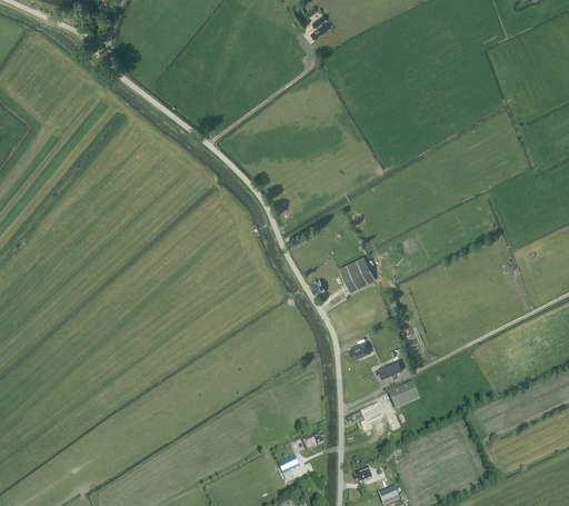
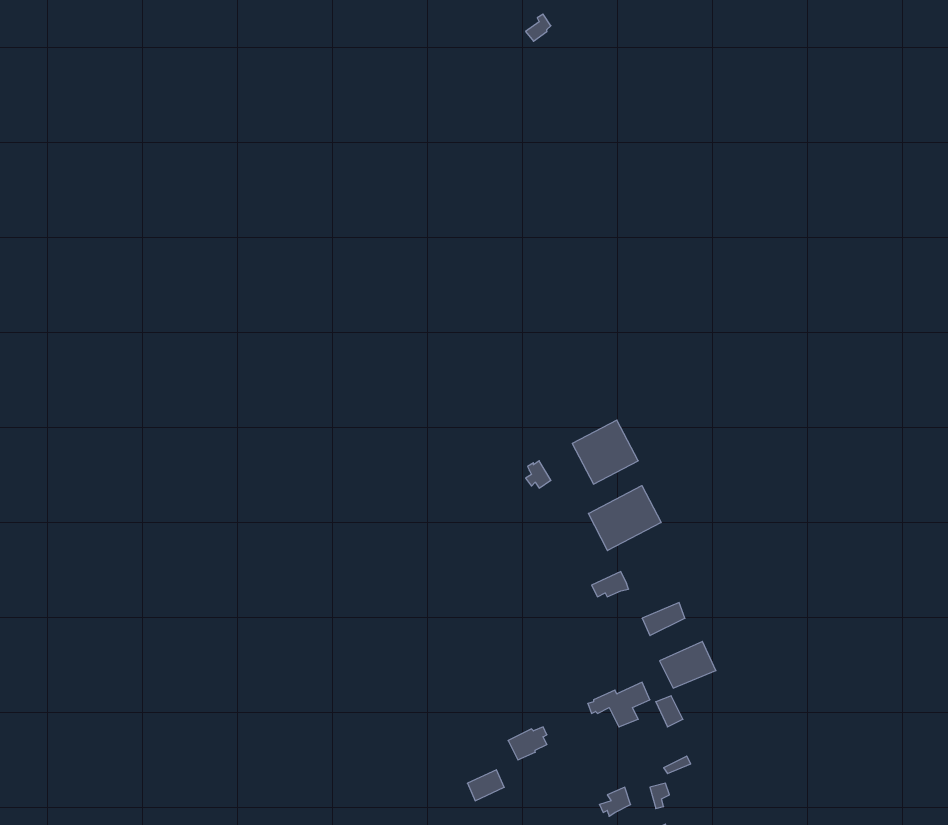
building: none -> [588,486,661,551]

